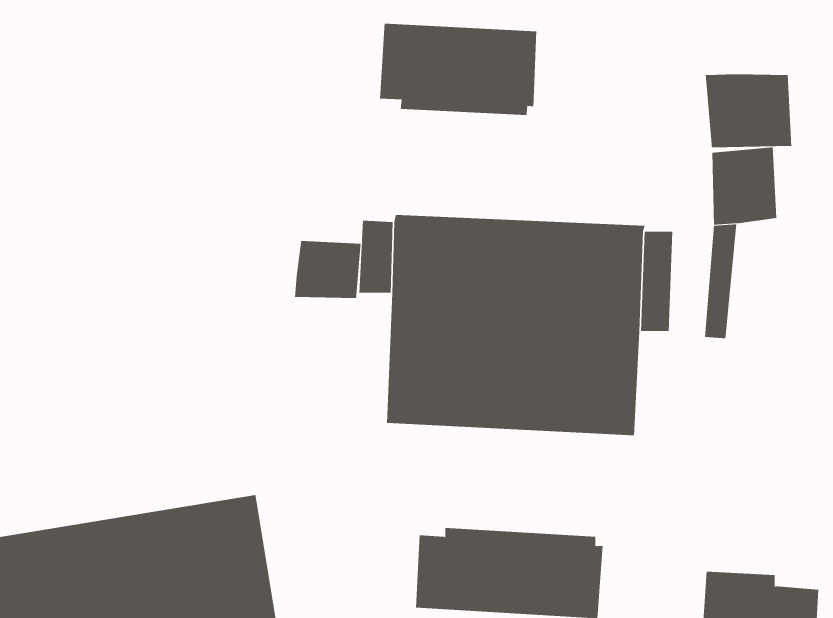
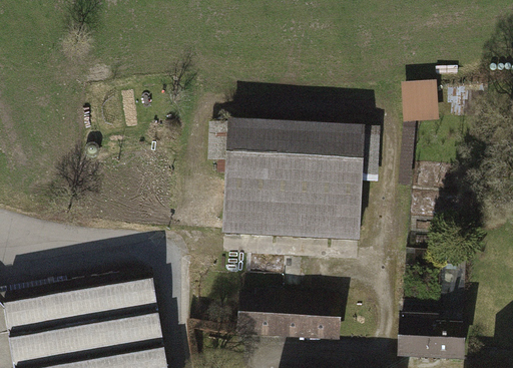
building: [380,23,537,116] -> none
building: [705,74,792,148] -> none
building: [294,240,361,299] -> none

